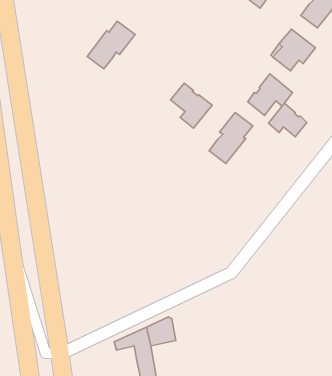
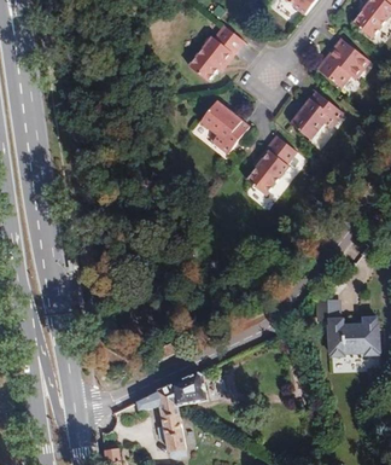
building: [87,21,135,69] -> [187,25,243,81]
building: [268,103,307,137] -> none
building: none -> [315,300,378,356]

